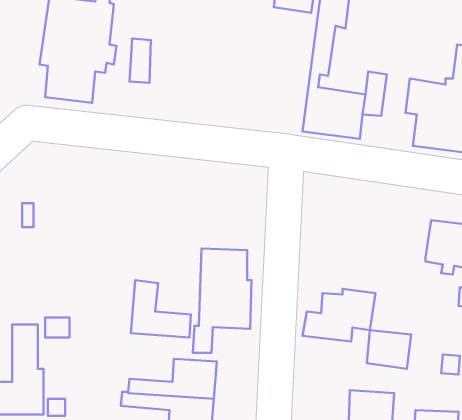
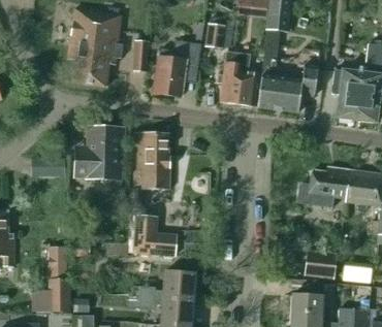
building: none -> [205,17,233,47]
building: none -> [153,39,201,96]
building: none -> [220,52,258,106]
building: none -> [74,126,124,179]
building: [193,249,252,353] -> [129,131,171,206]
building: [303,289,375,342] -> [297,167,350,205]

